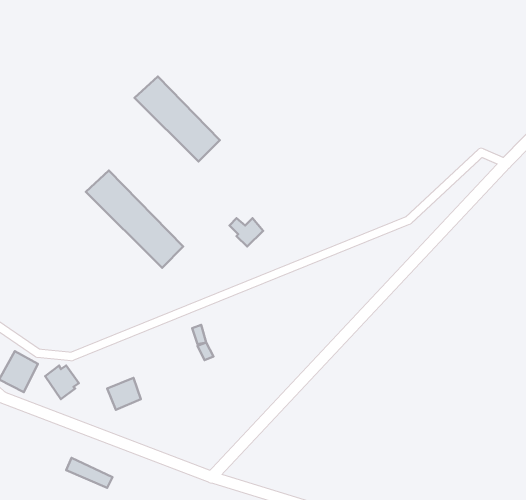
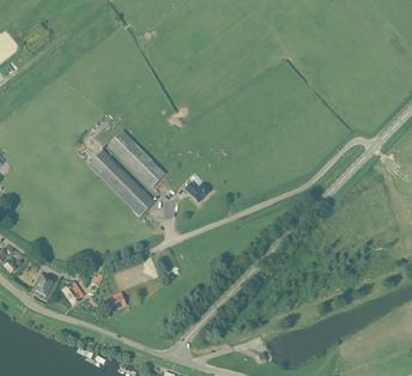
building: [135,76,220,162] -> [108,129,165,187]

